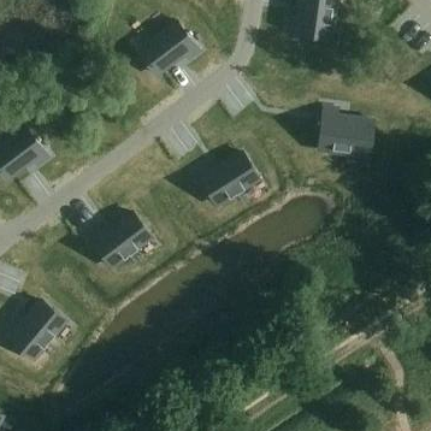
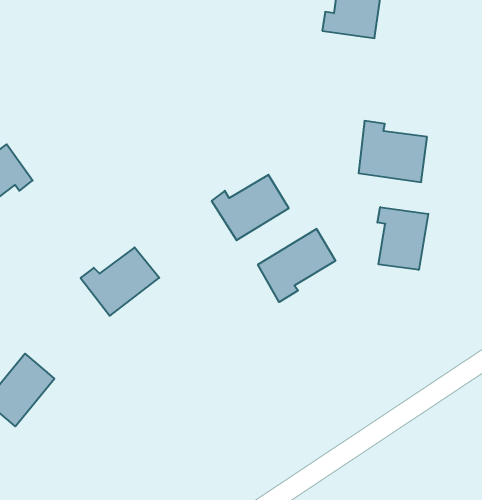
building: [138,23,201,77] -> none
building: none -> [377,207,428,270]
building: none -> [258,229,335,302]

